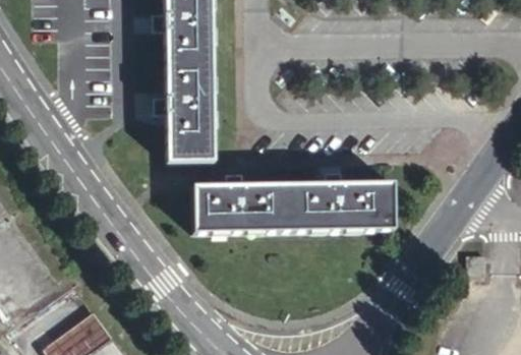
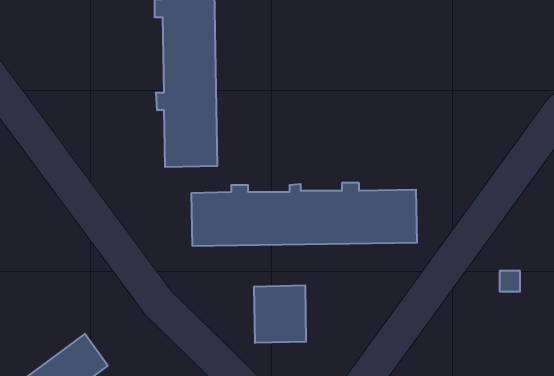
building: none -> [254,285,306,343]

